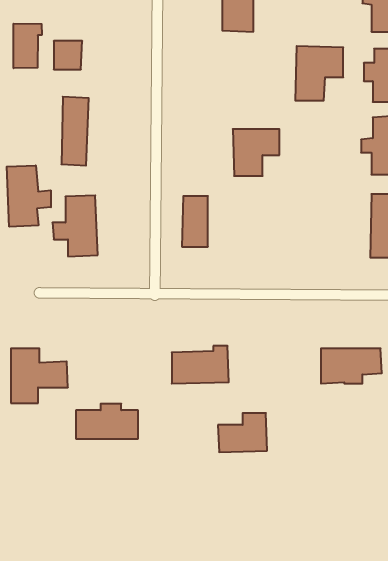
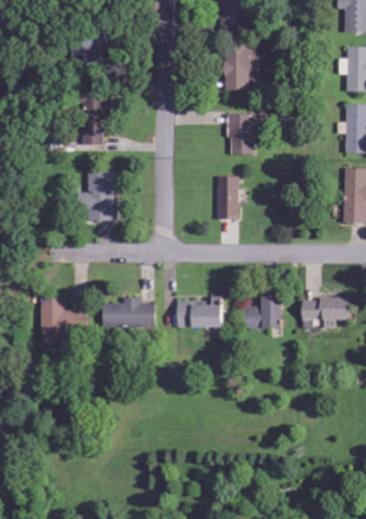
building: [14,24,42,68] -> none
building: [295,46,343,101] -> [224,44,265,89]
building: [7,165,51,227] -> none
building: [182,196,208,247] -> [219,176,241,218]
building: [76,404,138,439] -> [105,297,157,326]
building: [218,413,267,452] -> [243,295,284,328]

